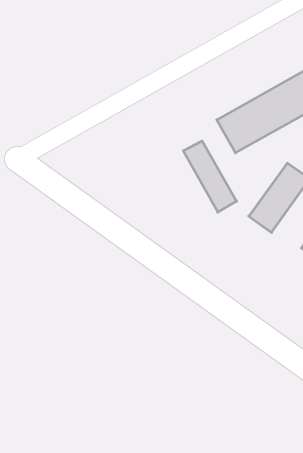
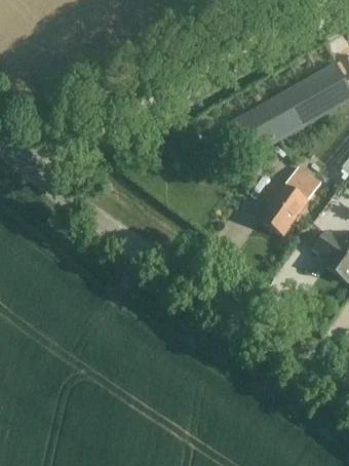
building: [183,141,237,212] -> none

